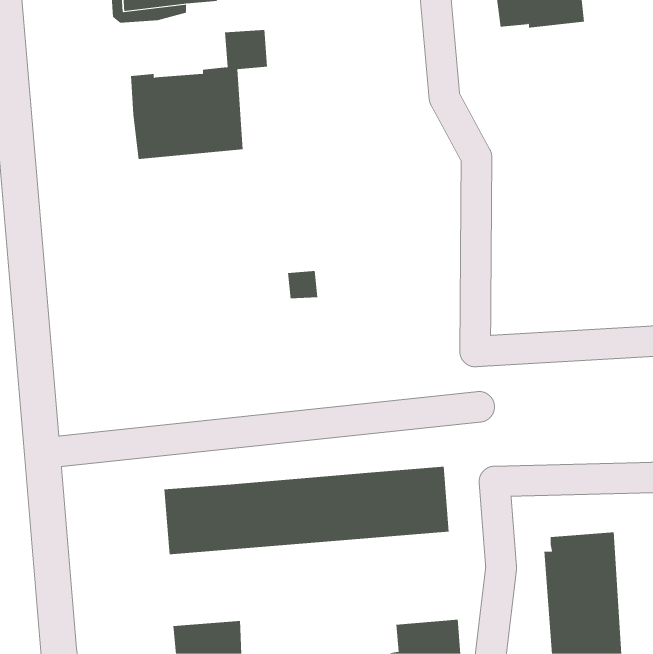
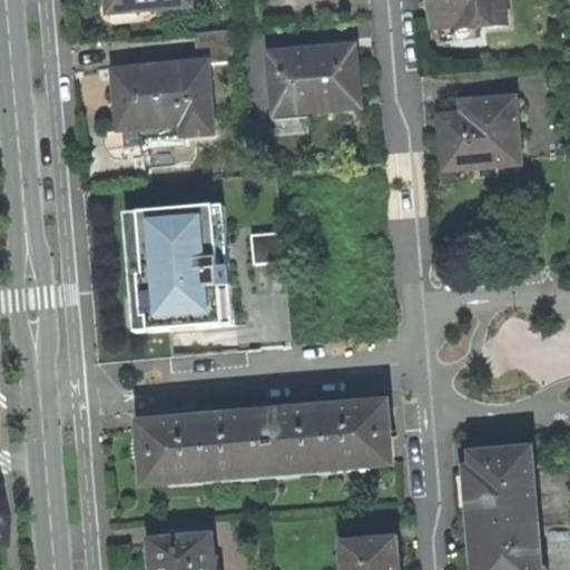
building: none -> [268,42,361,112]
building: none -> [439,95,519,164]
building: none -> [126,205,233,327]

